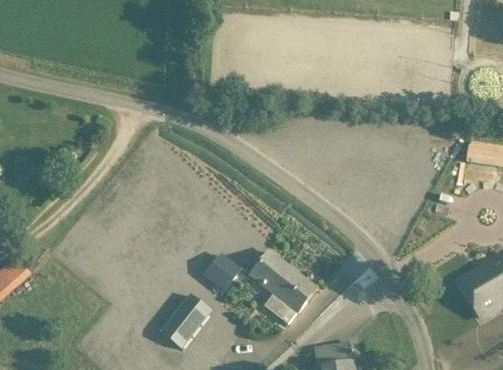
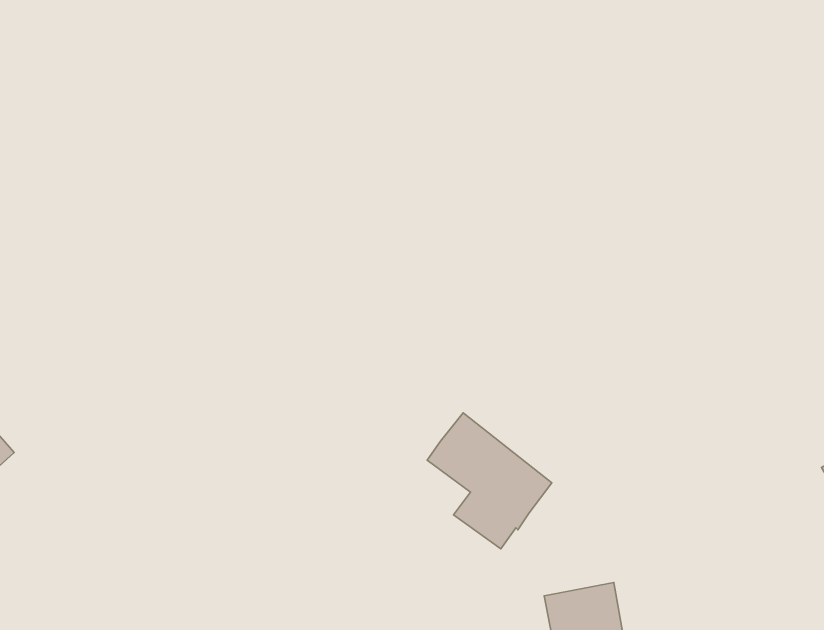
building: [204,255,241,293] -> none
building: [160,294,211,350] -> none

